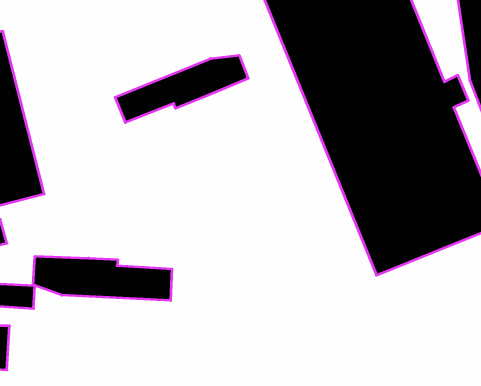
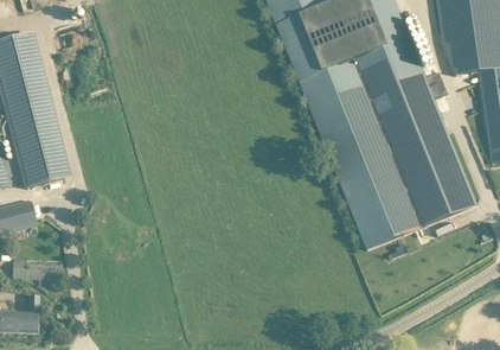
building: [115,55,248,123] -> none
building: [33,256,172,301] -> none

